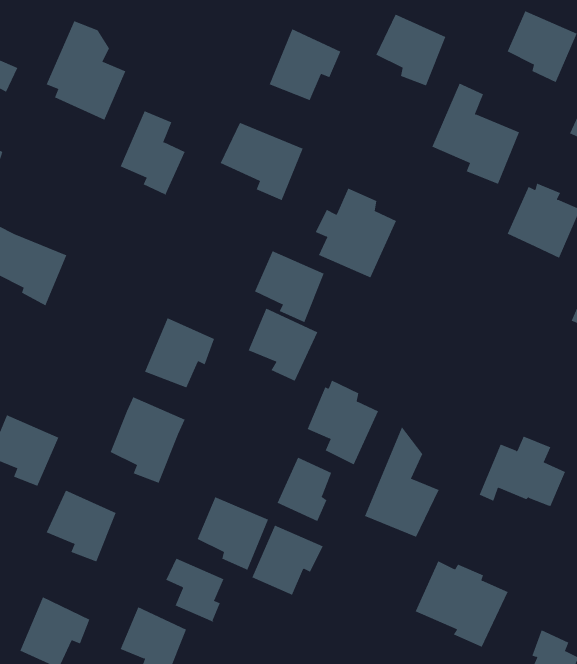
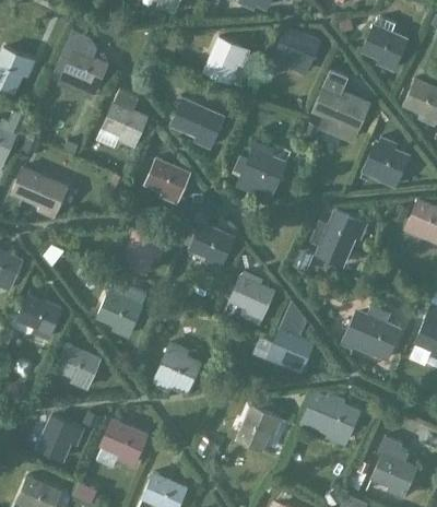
building: [254,251,325,323] -> [143,156,190,204]
building: none -> [311,211,366,266]
building: [277,457,332,522] -> none
building: [251,525,324,595] -> [235,404,283,451]
building: [166,558,224,622] -> none

